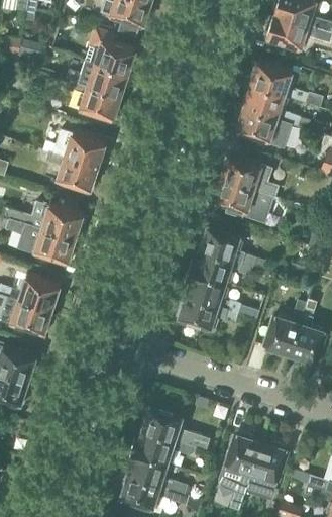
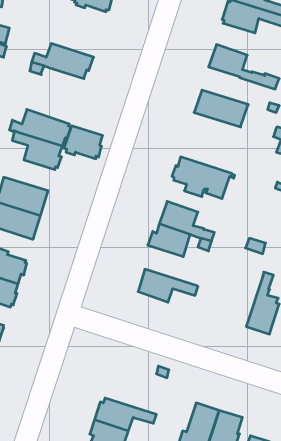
building: [86,28,136,75] -> none
building: [243,85,312,129] -> none
building: [80,87,120,121] -> [64,126,103,159]
building: [221,156,278,196] -> none
building: [182,271,259,320] -> none
building: [266,300,307,355] -> none
building: [142,406,210,451] -> none

